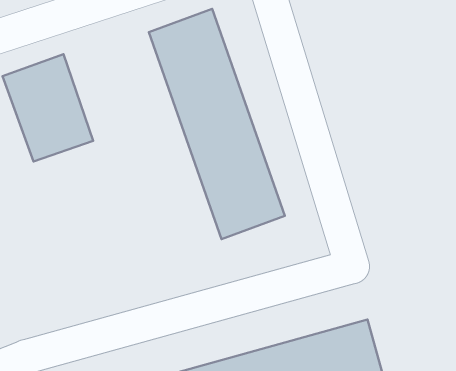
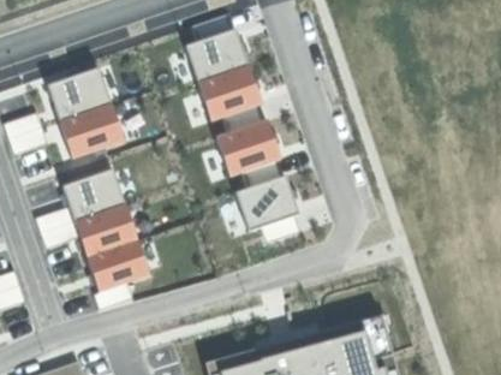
building: none -> [58,163,150,293]

